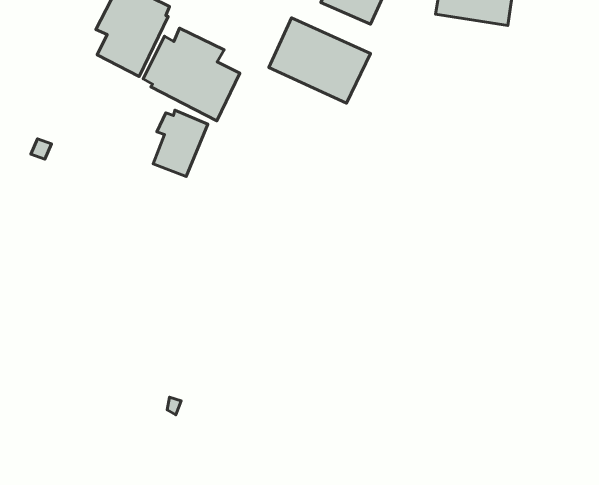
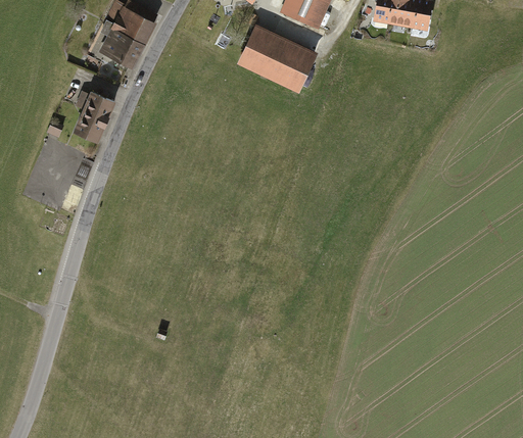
building: [143,28,240,121] -> none
building: [153,110,208,176] -> [70,89,114,142]

